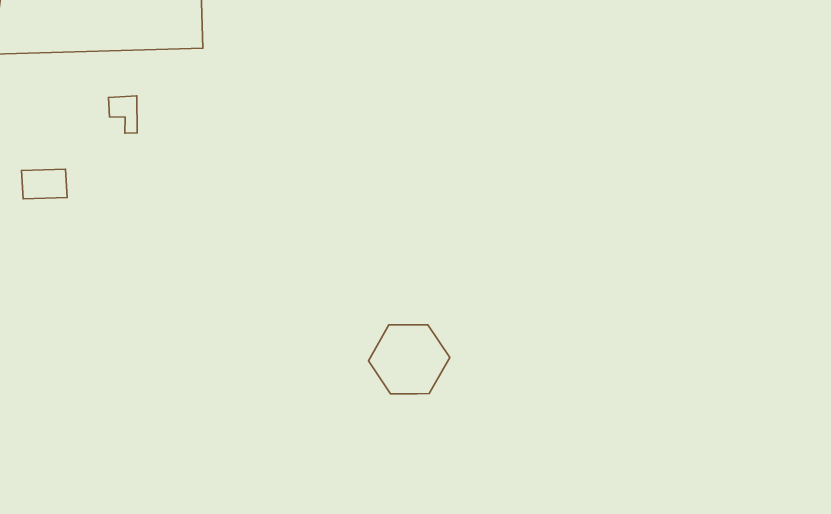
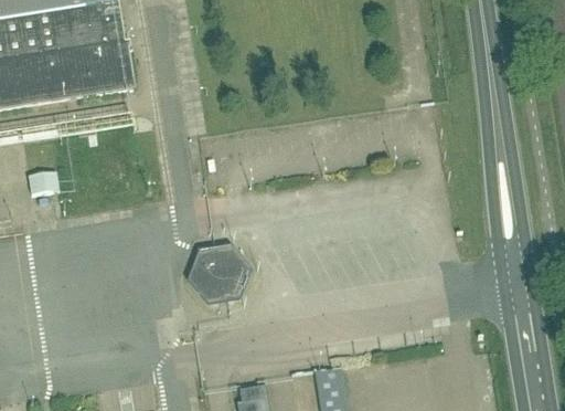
building: [368,325,450,394] -> [193,253,244,299]

